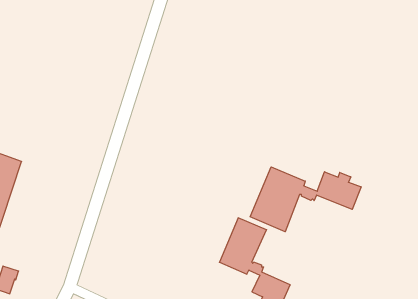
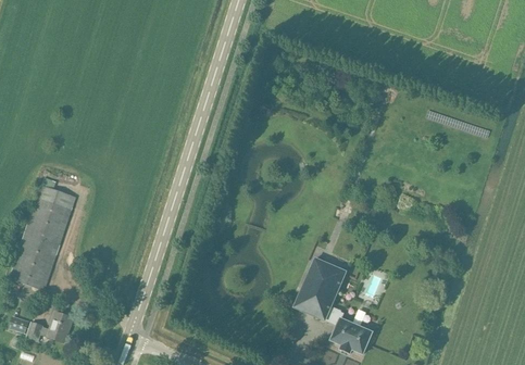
building: [250,167,361,232] -> none

